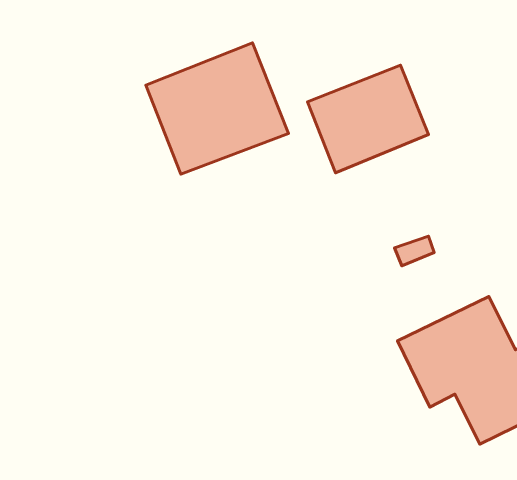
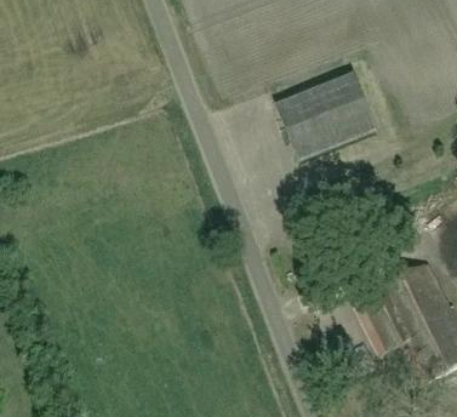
building: [146,43,289,174] -> none

